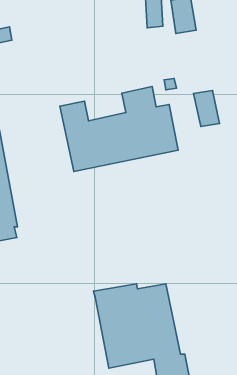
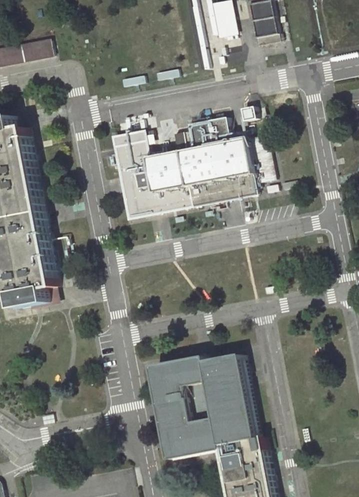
building: [194,90,219,127] -> none

